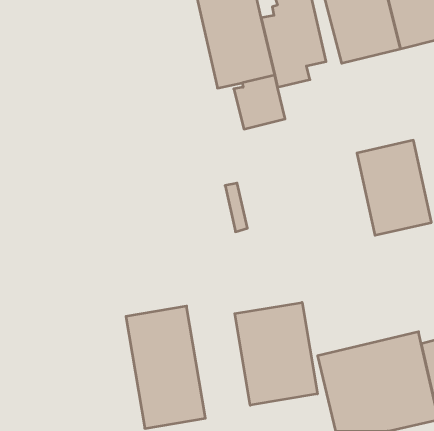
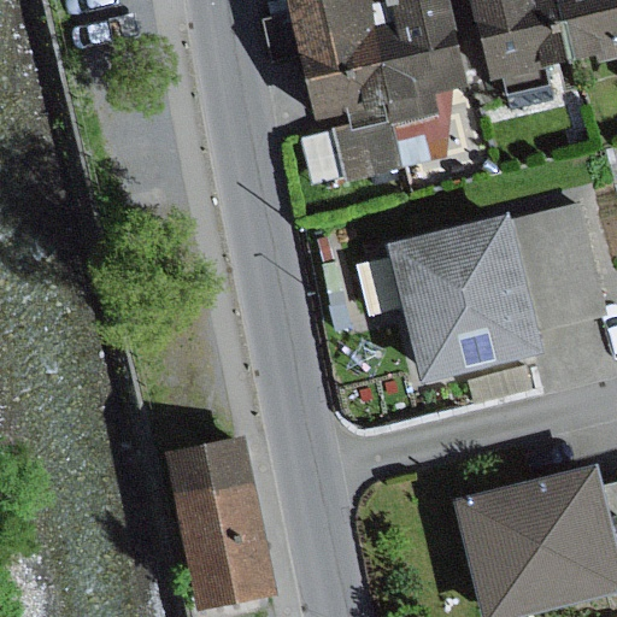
building: none -> [384,216,540,383]
building: [235,302,317,405] -> none

